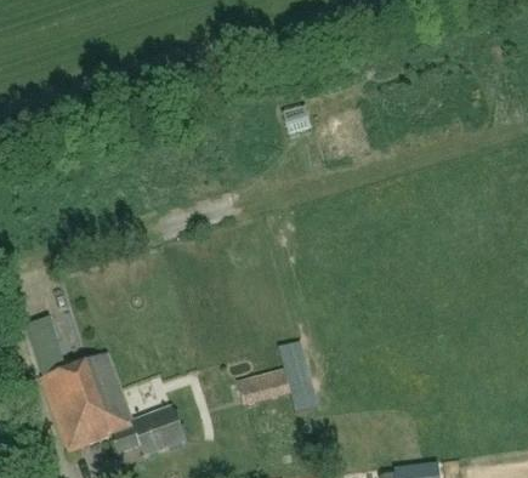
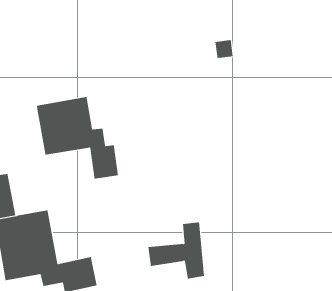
building: none -> [37,96,118,179]

